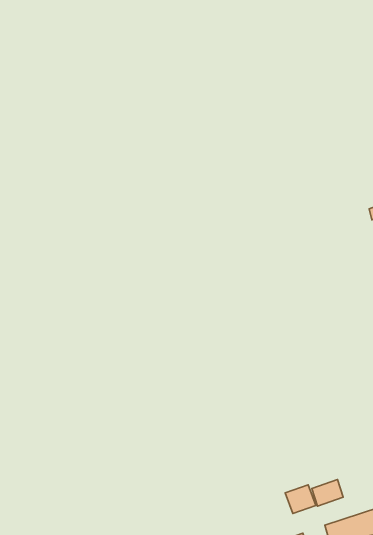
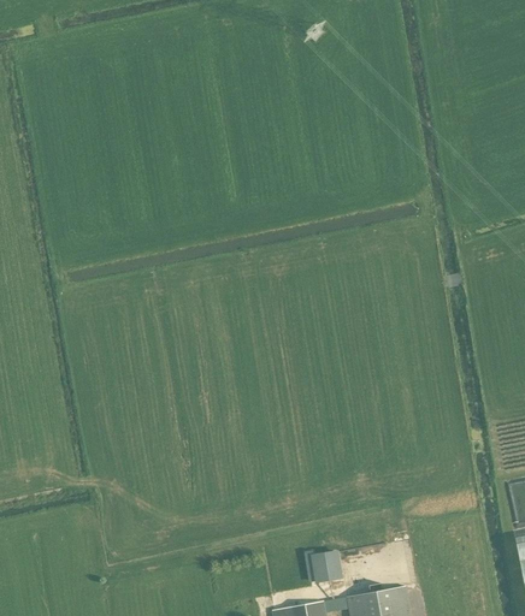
building: [312,479,343,506] -> none

